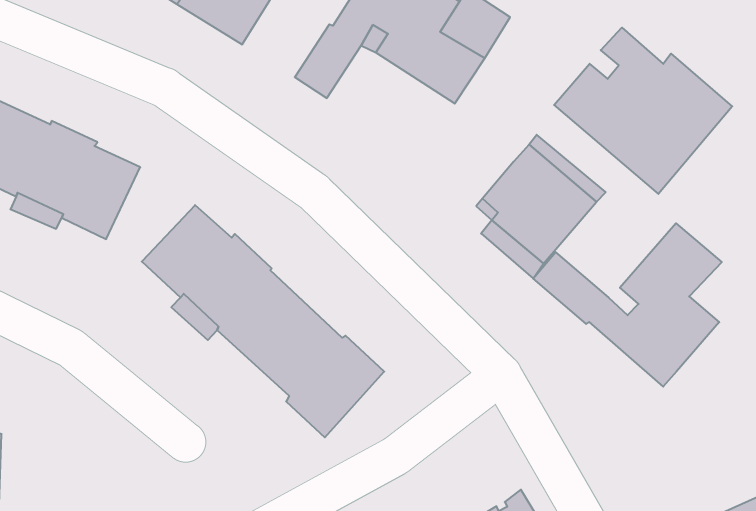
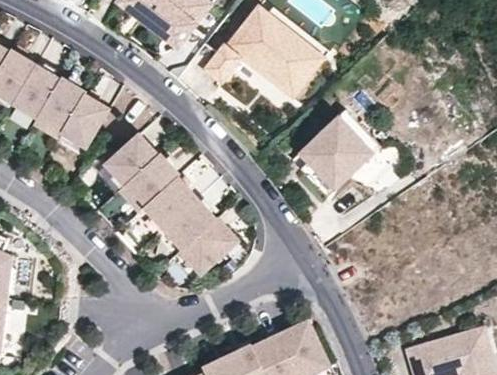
building: [554,28,732,194] -> none
building: [533,223,722,387] -> none

